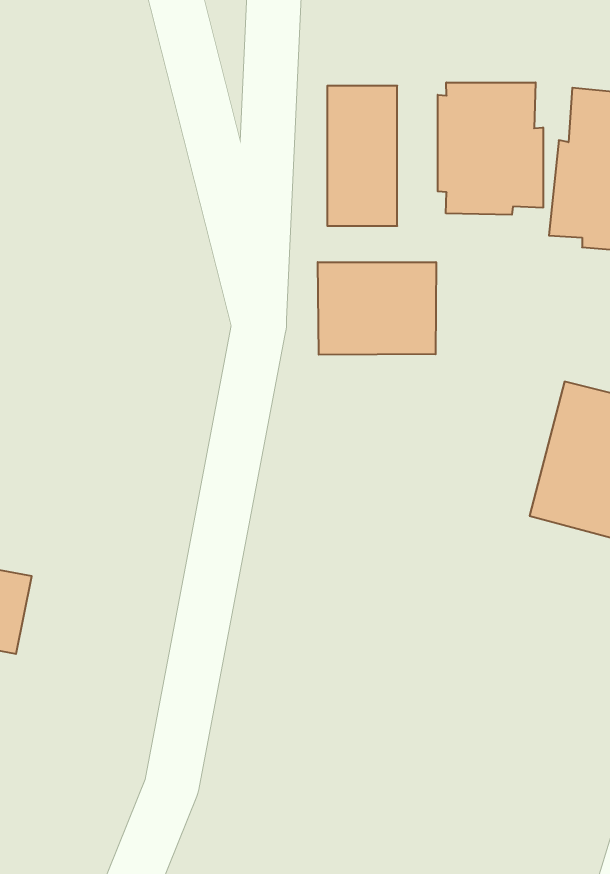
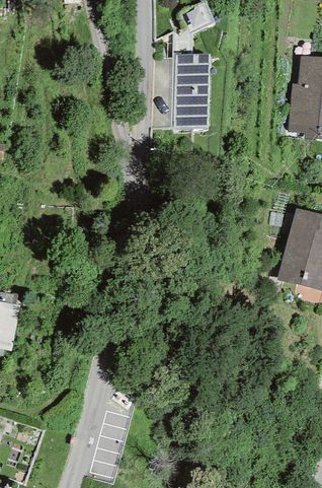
building: [438,82,543,215] -> none
building: [318,262,436,355] -> none

